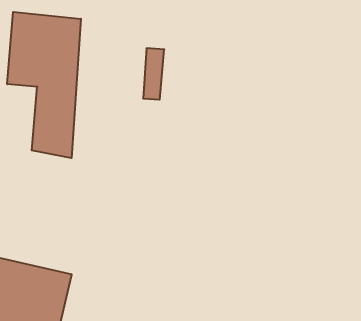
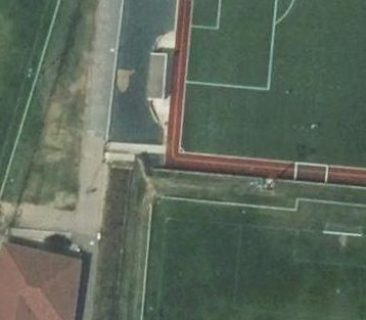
building: [7,12,81,158] -> none

